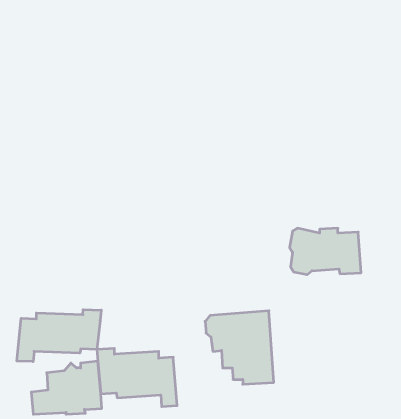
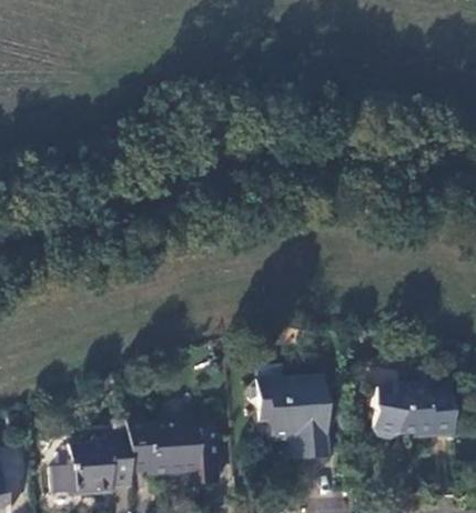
building: [290,228,361,275] -> [373,384,455,437]
building: [17,310,101,362] -> none

